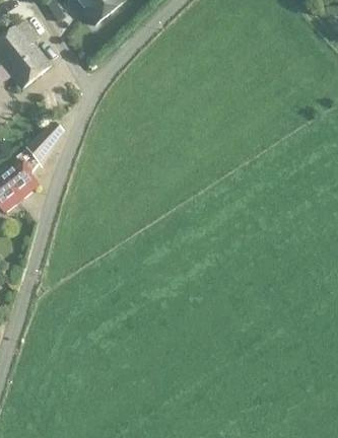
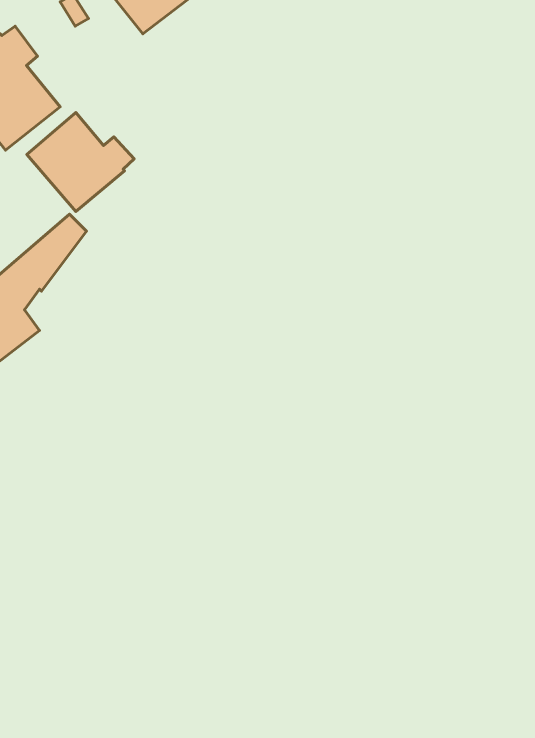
building: none -> [27,112,134,212]

